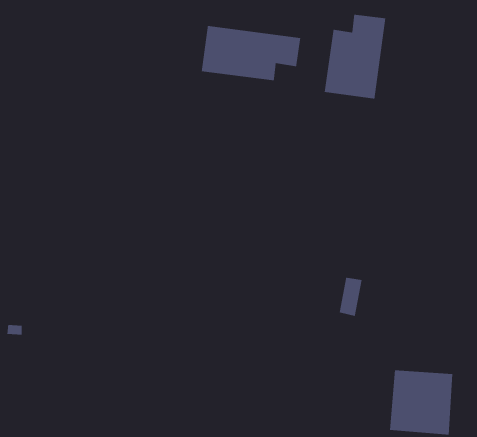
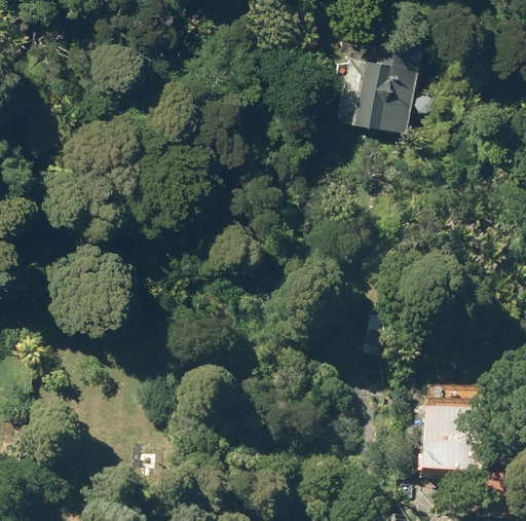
building: [201,25,301,81] -> none

